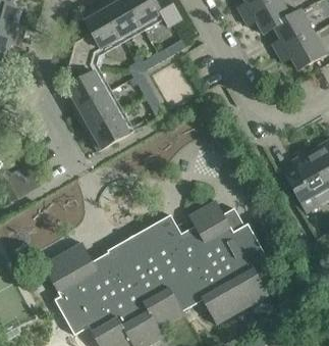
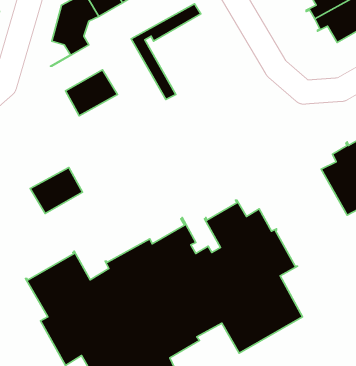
building: [63,71,105,109] -> none
building: [86,112,128,150] -> [30,167,82,213]

